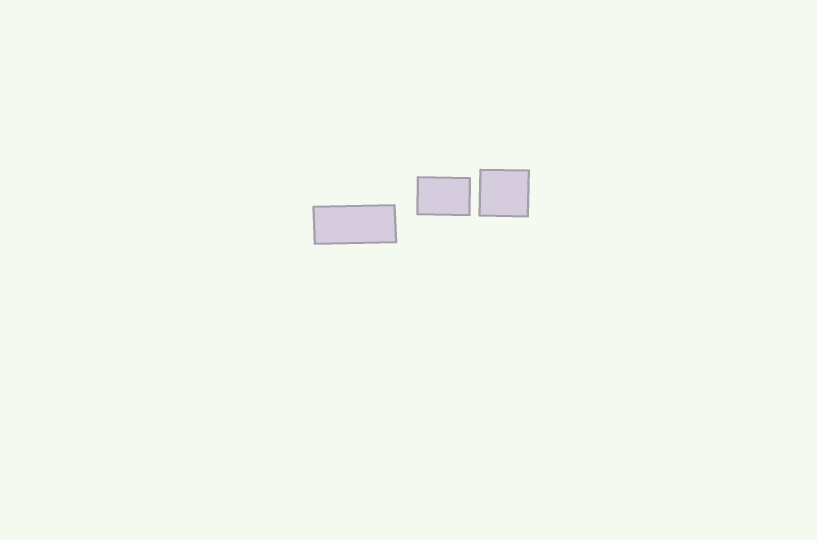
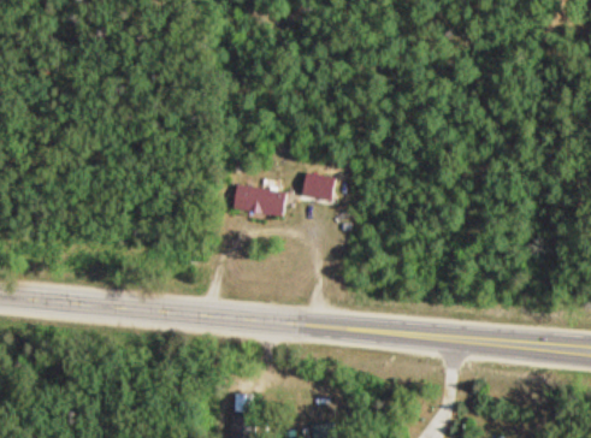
building: [480,170,529,216] -> none

